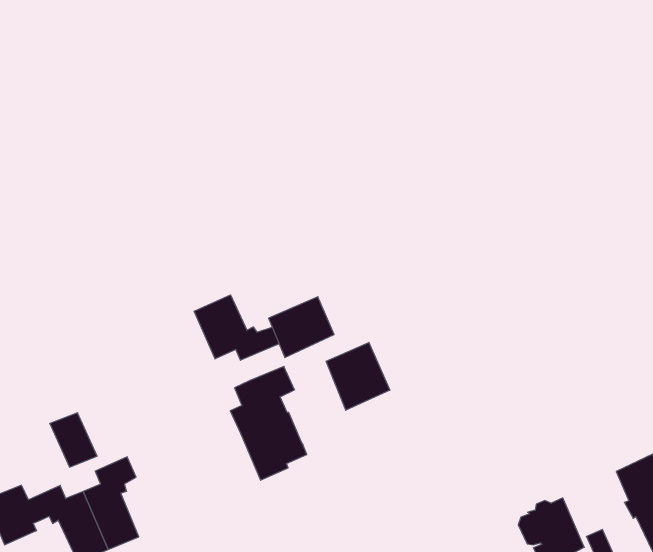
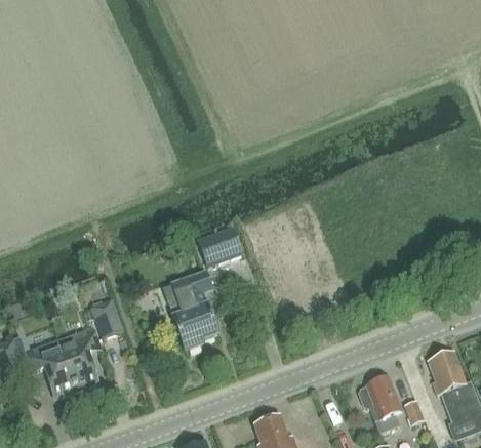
building: [194,295,279,360] -> none
building: [326,342,390,410] -> none
building: [50,413,97,467] -> [91,299,122,336]

